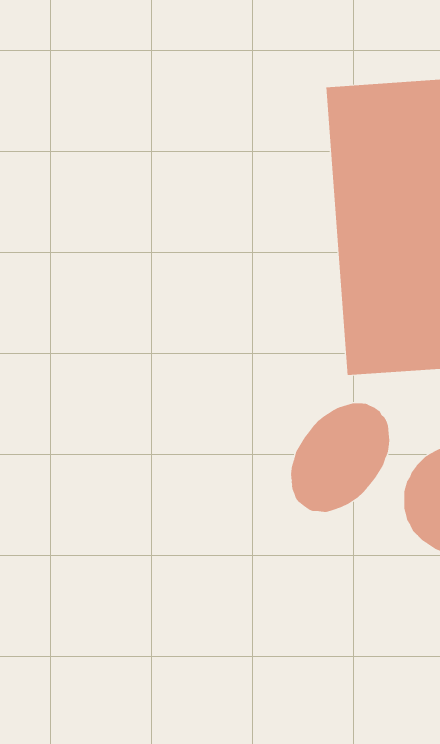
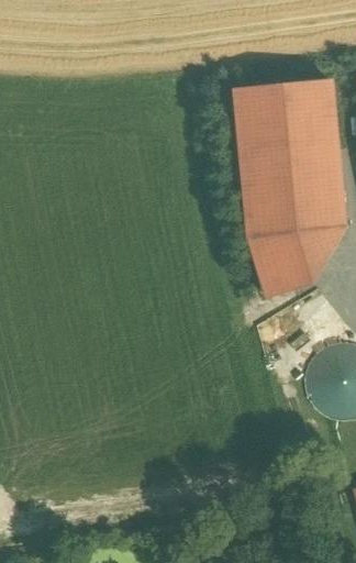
building: [291,403,390,513] -> none

